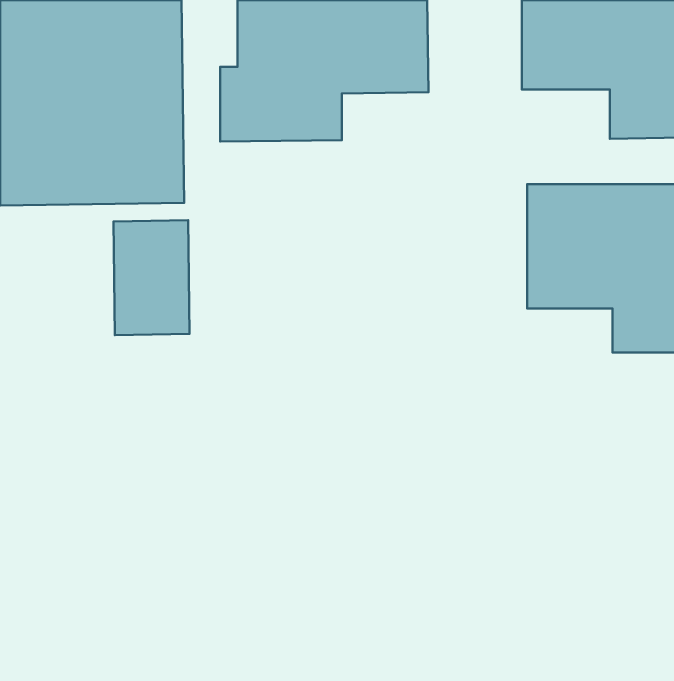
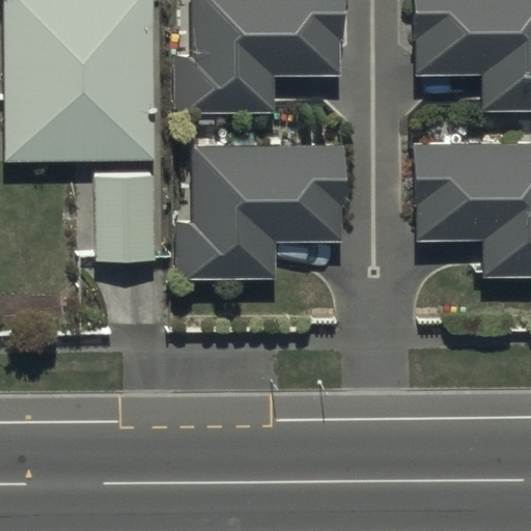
building: none -> [177,146,340,275]

